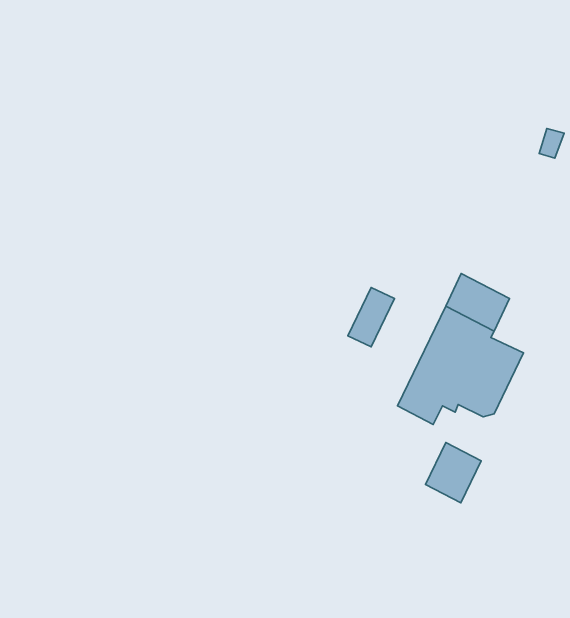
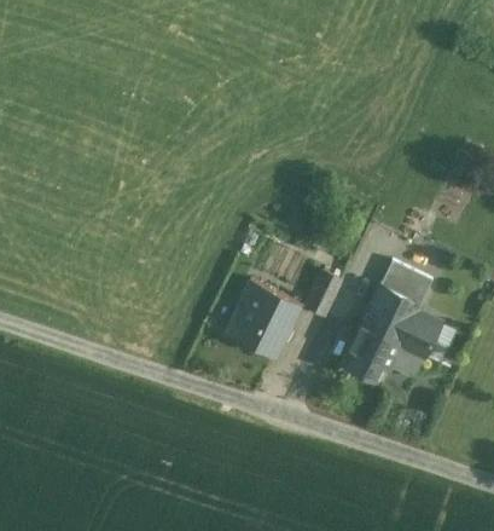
building: none -> [233,281,300,358]
building: [425,442,481,503] -> none

